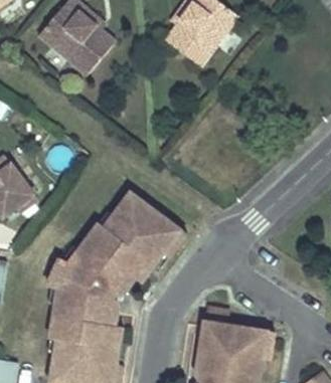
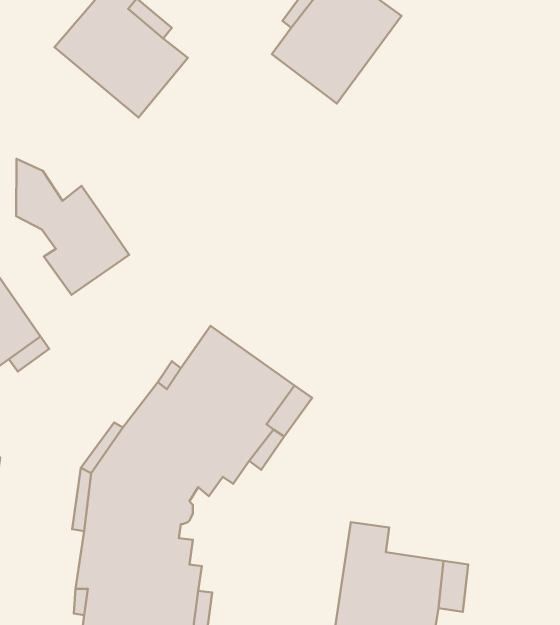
building: none -> [16,159,129,295]

